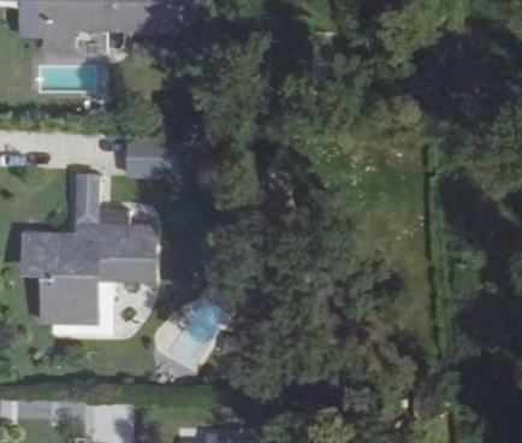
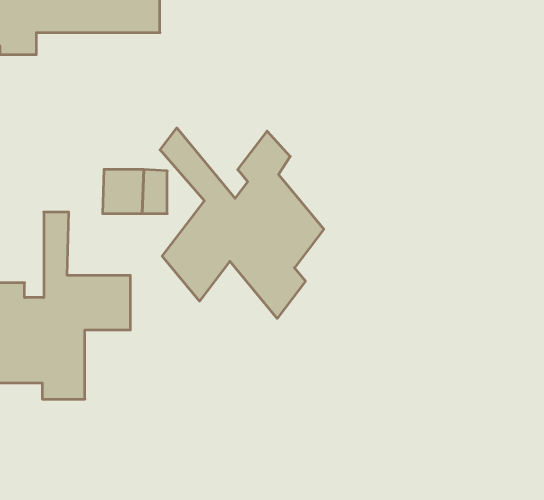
building: none -> [160,128,324,318]

